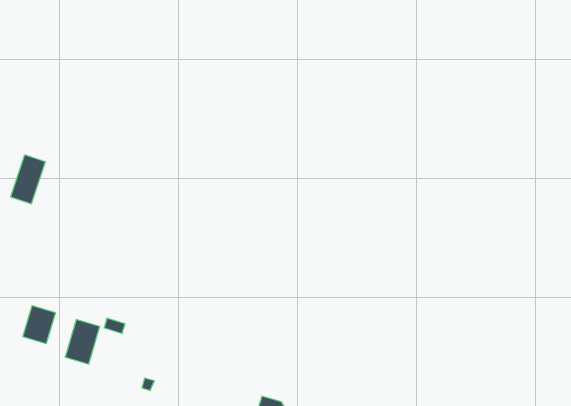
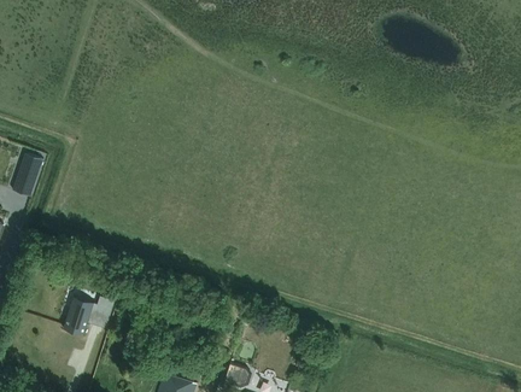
building: [23,306,56,344] -> none

